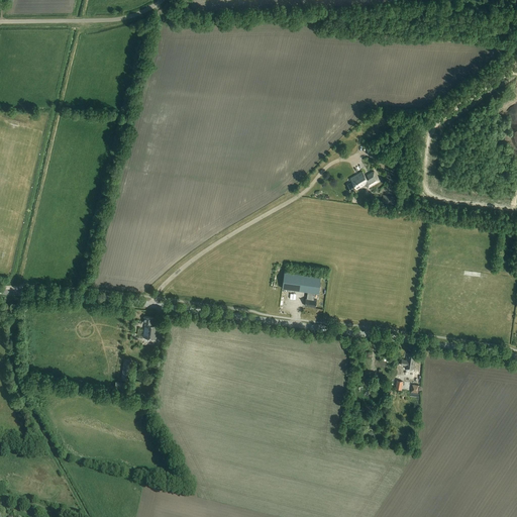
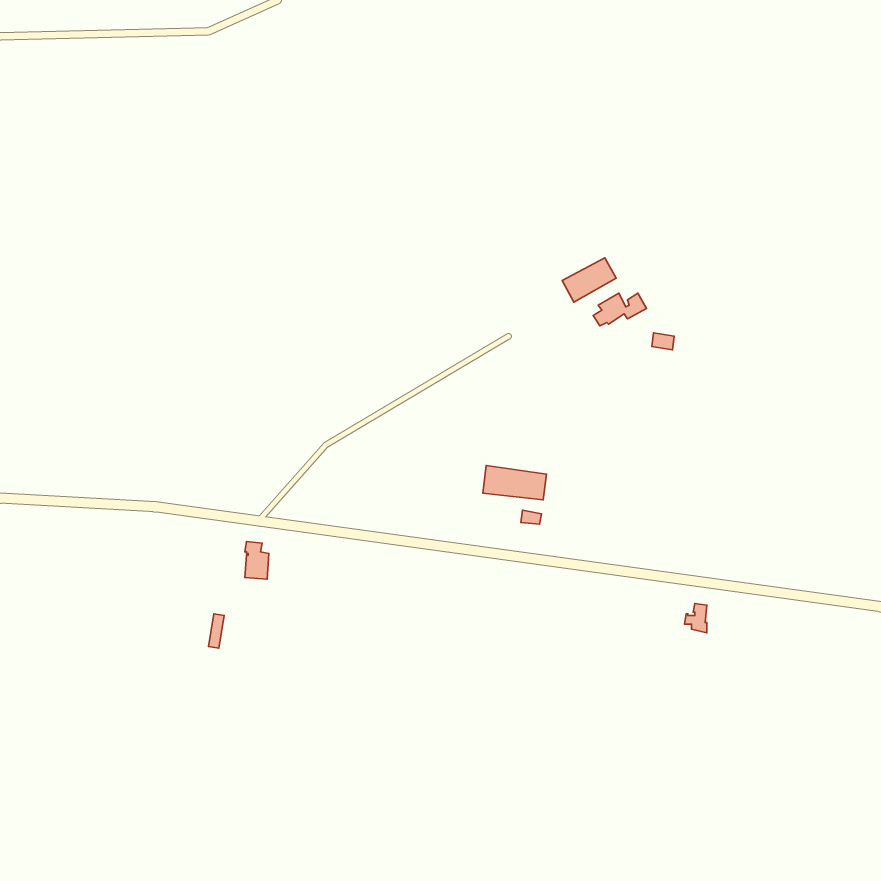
building: none -> [562,258,616,302]

